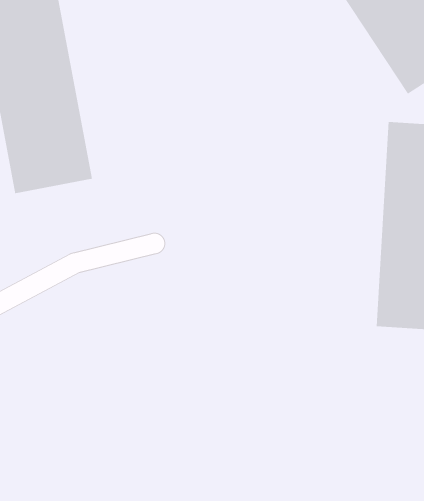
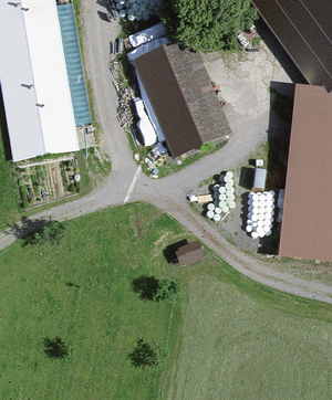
building: none -> [128,42,216,147]

